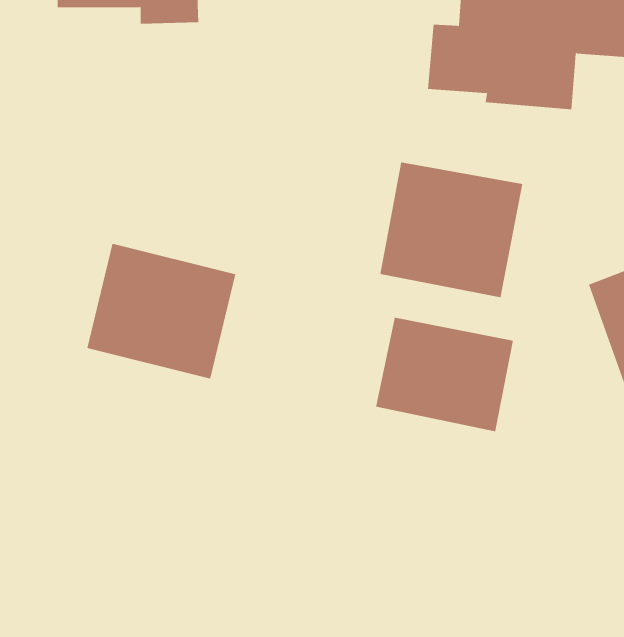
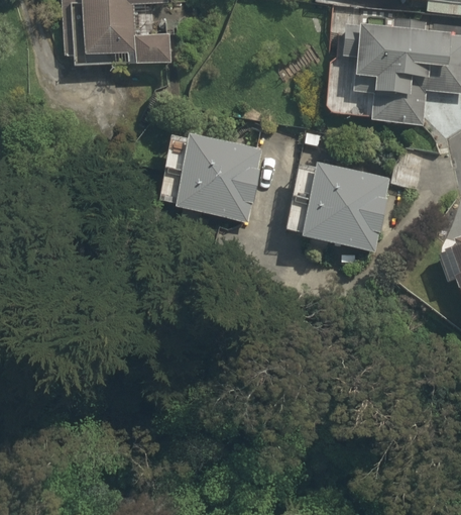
building: [87,243,236,379] -> [162,128,264,221]
building: [376,317,514,432] -> none

